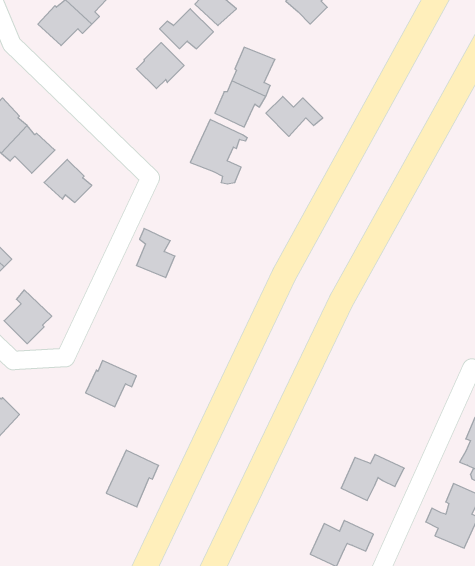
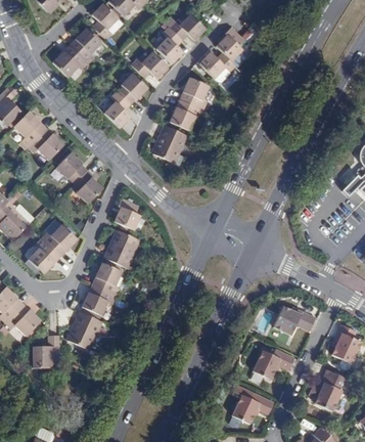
building: none -> [105,91,132,129]
building: [266,96,323,136] -> [199,52,237,79]
building: none -> [76,169,102,204]
building: none -> [42,224,78,256]
building: none -> [105,229,137,268]
building: none -> [94,263,123,296]
building: none -> [273,304,316,334]
building: none -> [33,335,58,367]
building: [106,450,159,507] -> [65,310,100,348]

